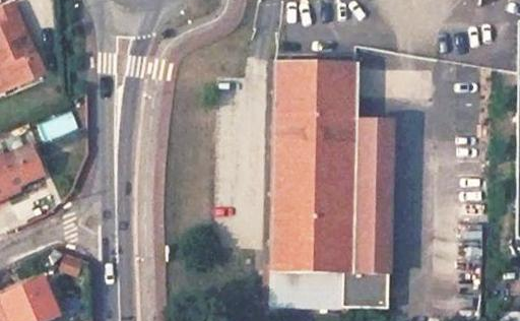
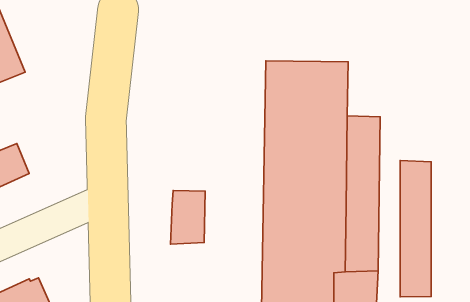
building: none -> [400,161,431,297]
building: none -> [171,191,205,244]

